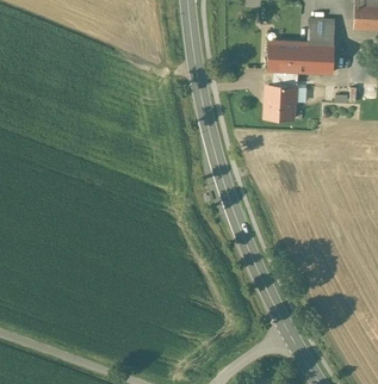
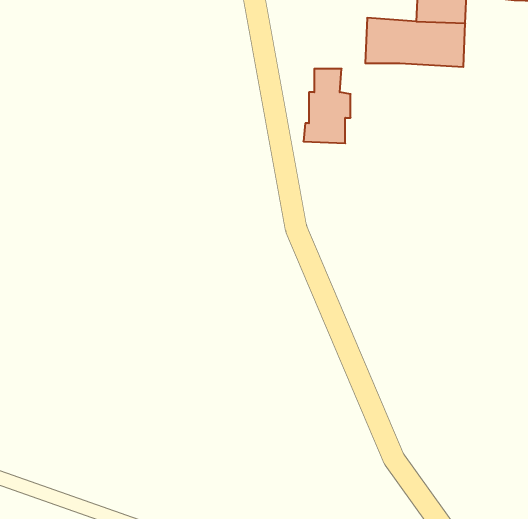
building: [265,73,296,122] -> [303,69,351,143]

